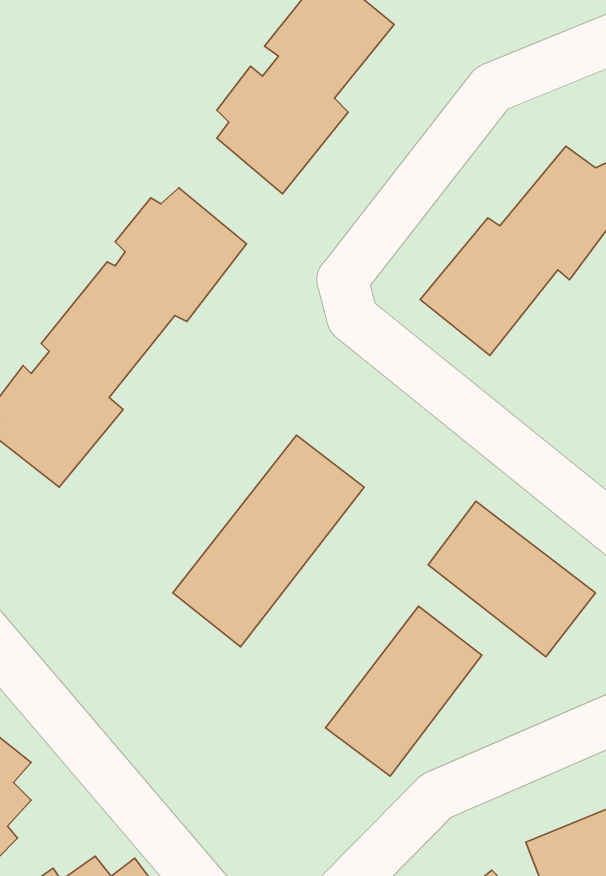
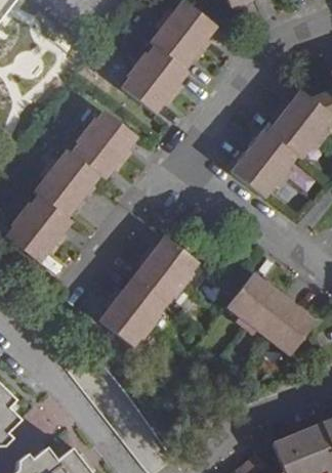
building: [326,606,482,776] -> none

